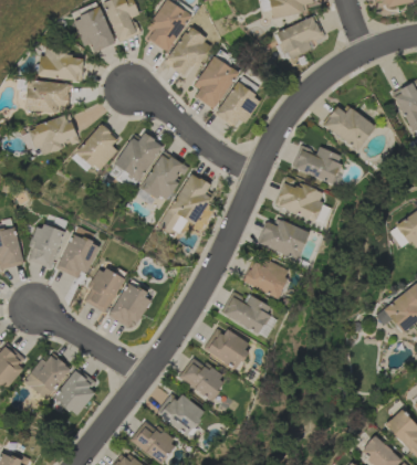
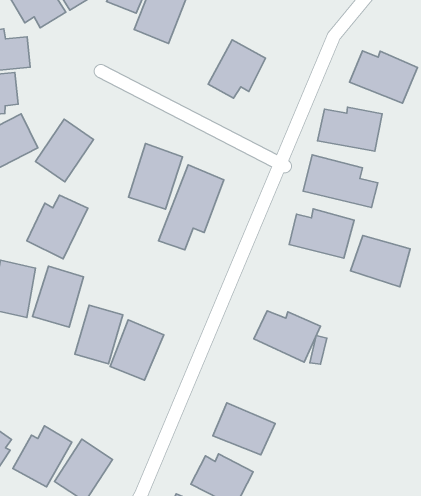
building: [194,56,238,109] -> none
building: [114,133,164,181] -> [27,195,88,259]
building: [242,256,290,299] -> [351,235,410,287]
building: [204,328,251,369] -> none

